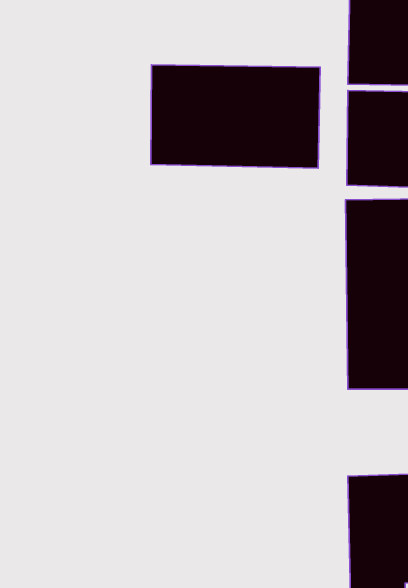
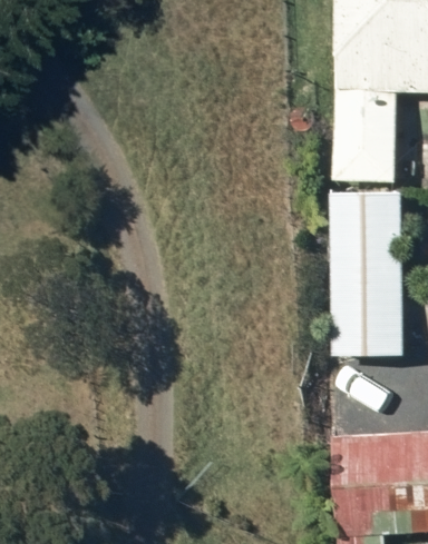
building: [151,65,320,168] -> none

